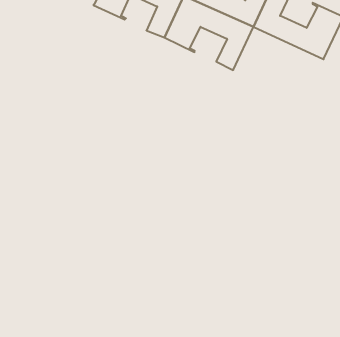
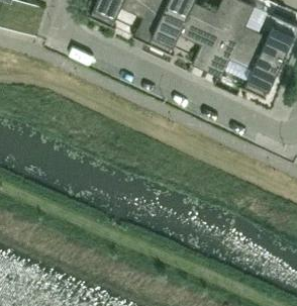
building: none -> [206,34,282,98]

